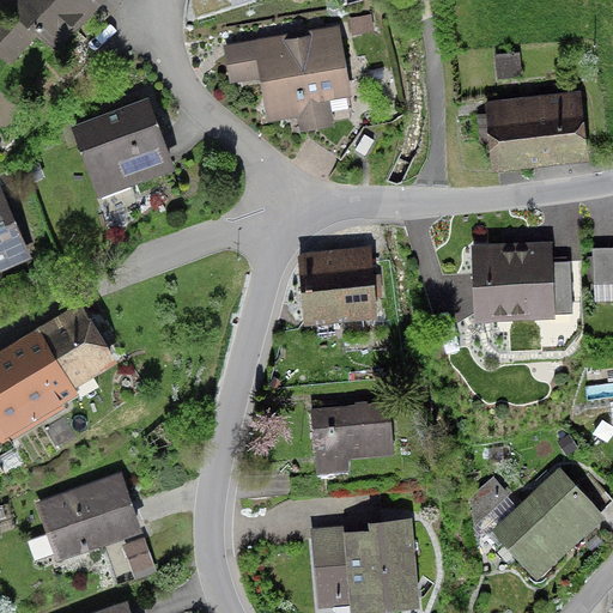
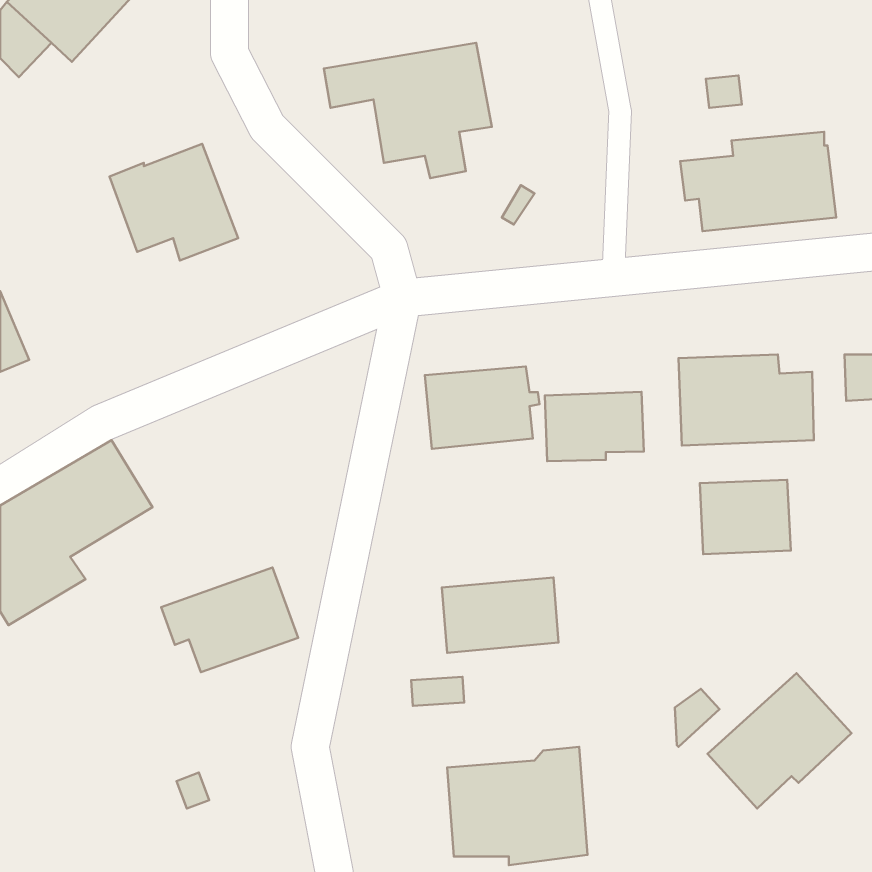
building: none -> [545,392,644,461]
building: none -> [700,480,791,554]
building: [41,477,136,550] -> [161,568,298,672]

